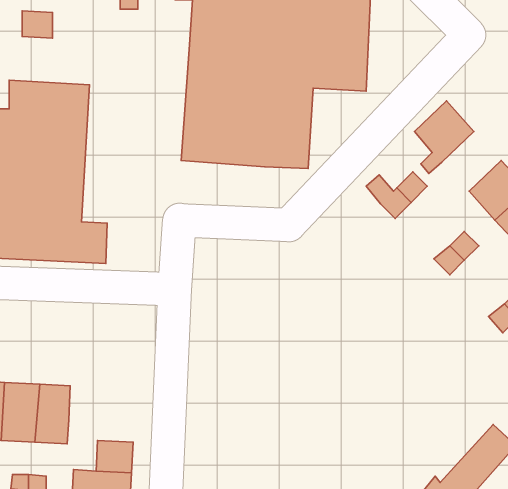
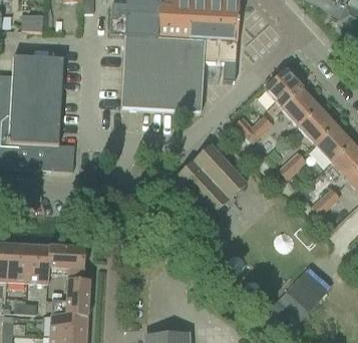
building: none -> [283,87,320,124]
building: none -> [176,143,246,214]
building: none -> [50,246,91,281]

